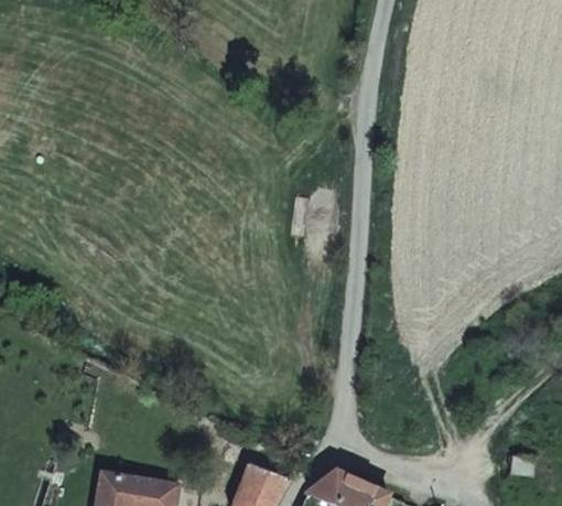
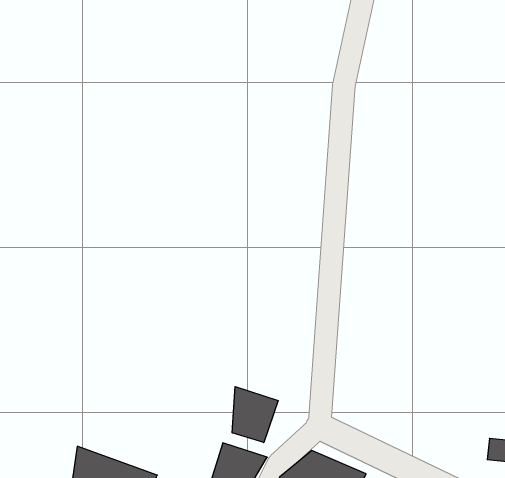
building: none -> [232,387,278,443]

